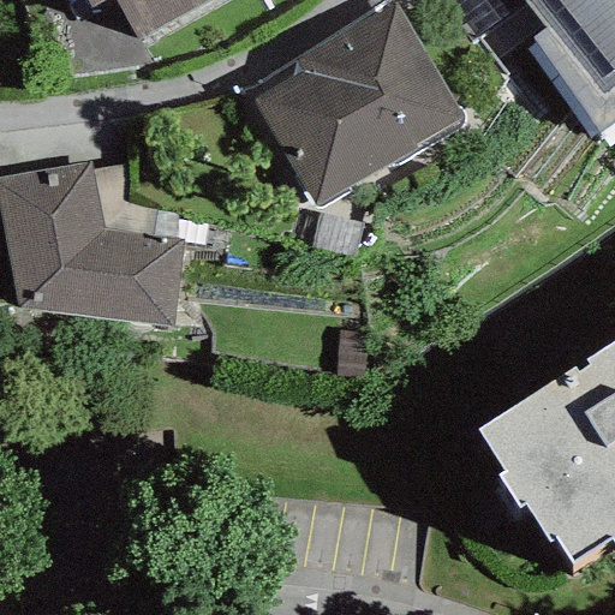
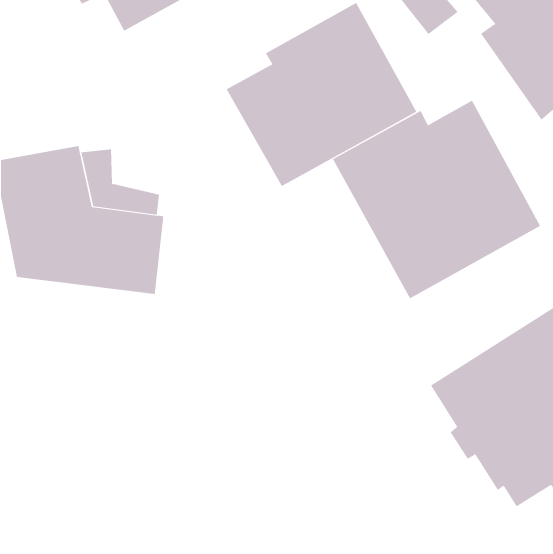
building: none -> [332,100,541,299]

